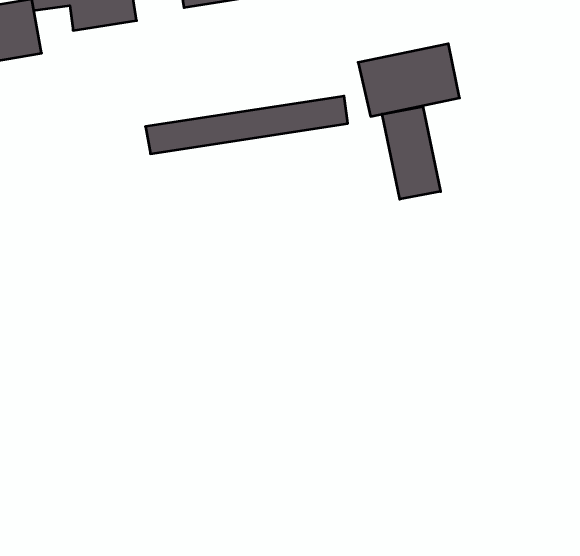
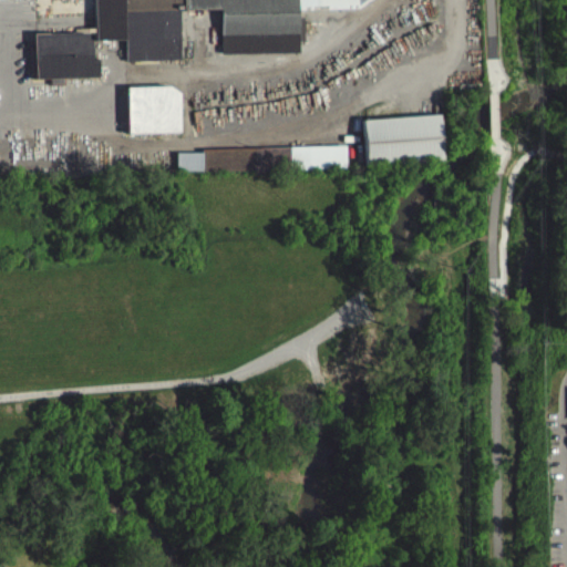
building: none -> [128,85,183,133]
building: [382,106,441,199] -> none

